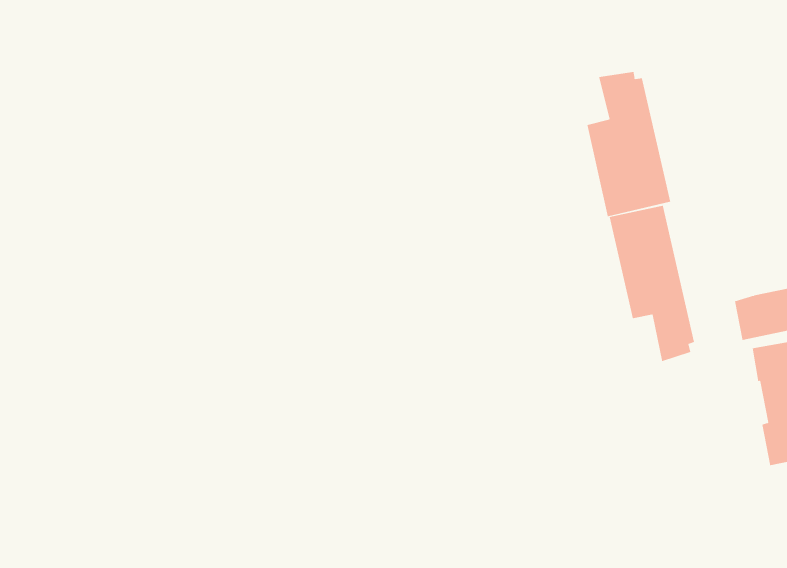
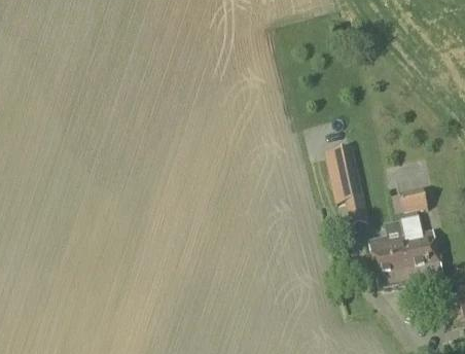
building: [587,71,671,217] -> none
building: none -> [368,237,406,287]

